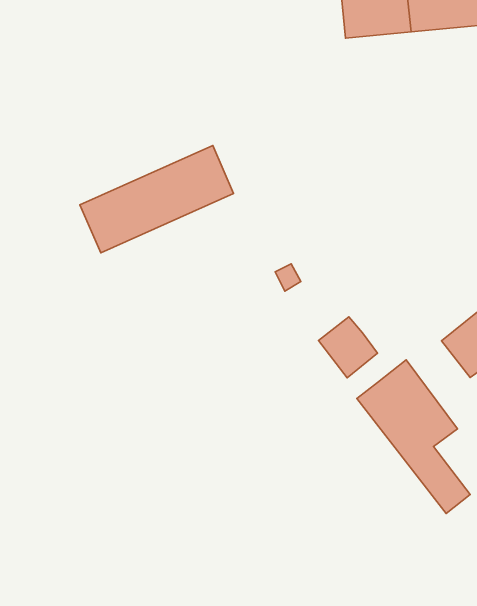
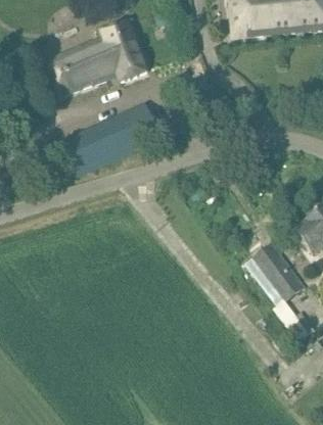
building: none -> [46,20,148,98]
building: [319,317,377,378] -> none

